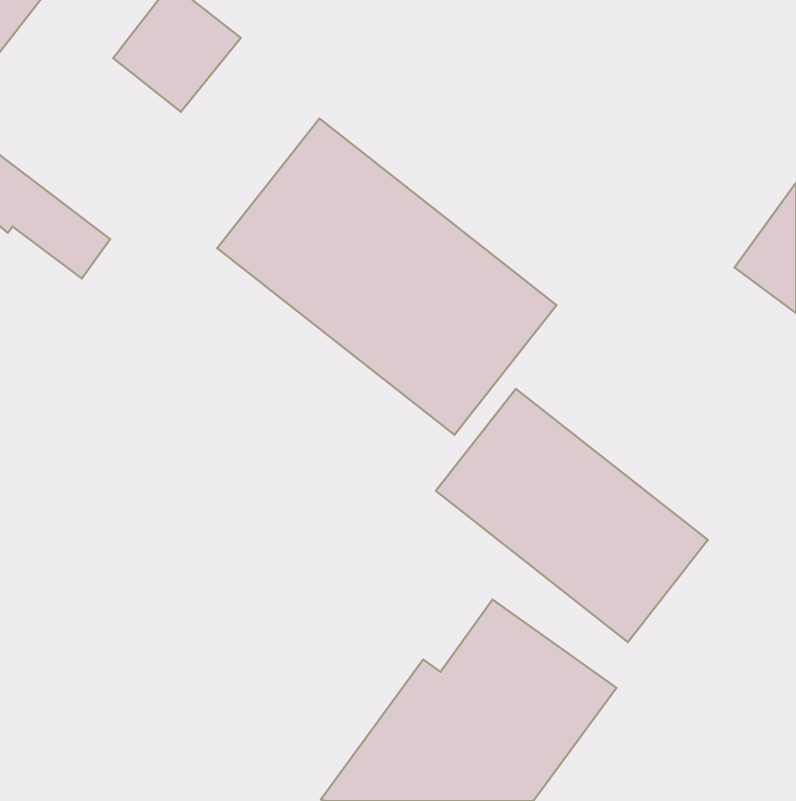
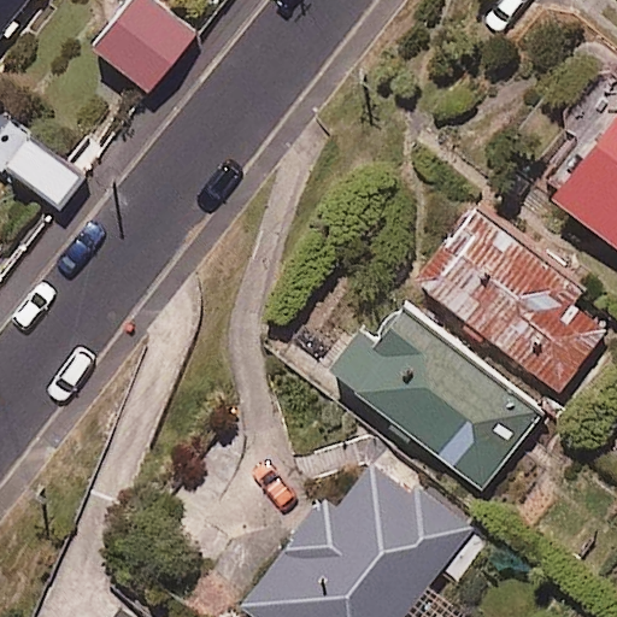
building: [217,119,557,435] -> none
building: none -> [412,204,605,394]

